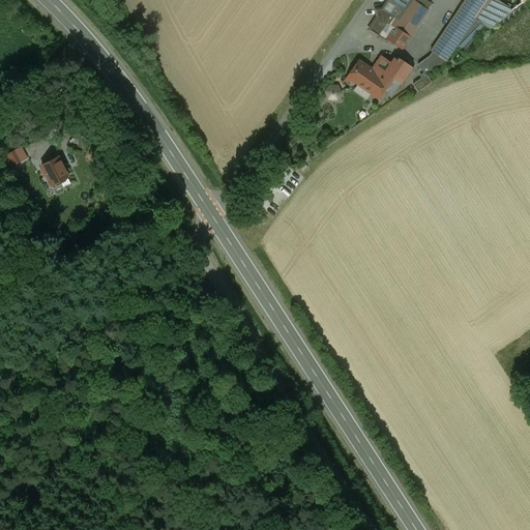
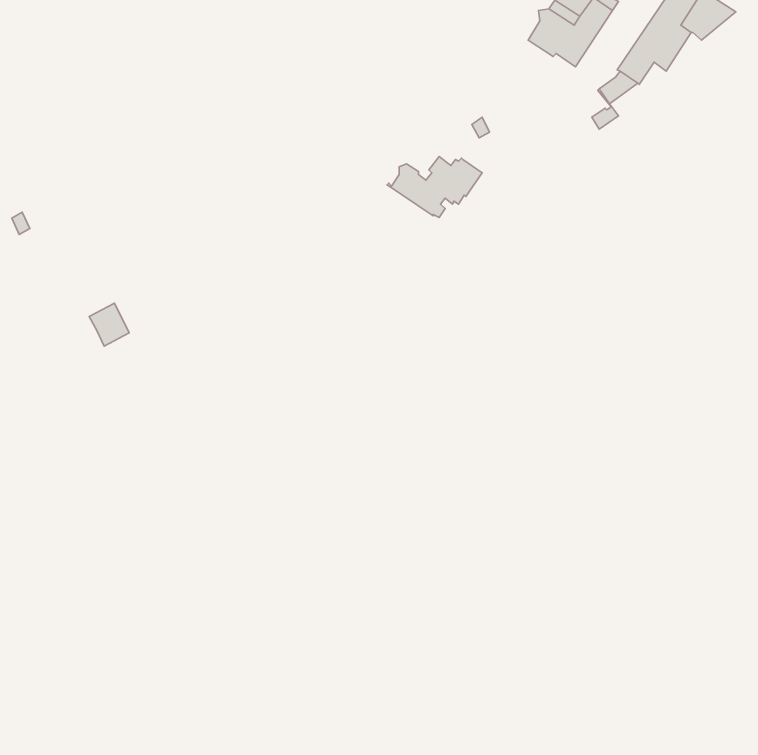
building: [347,55,413,97] -> [387,157,482,217]
building: [41,154,69,184] -> [89,303,129,346]

